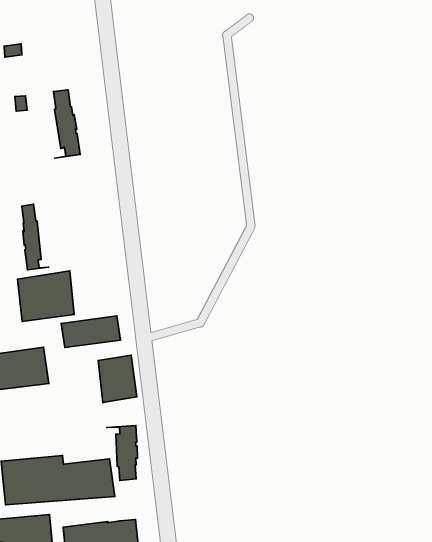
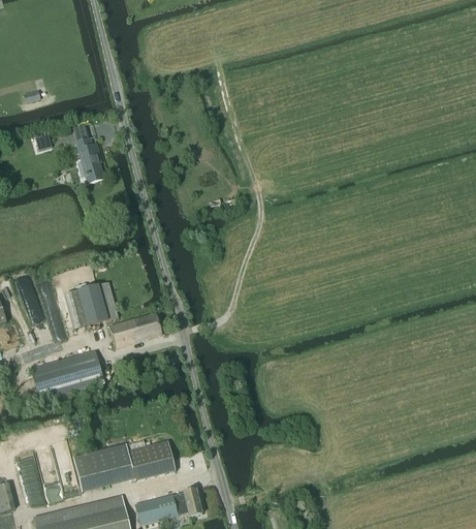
building: [22,204,49,270] -> none
building: [98,355,137,402] -> none
building: [107,425,137,481] -> none

